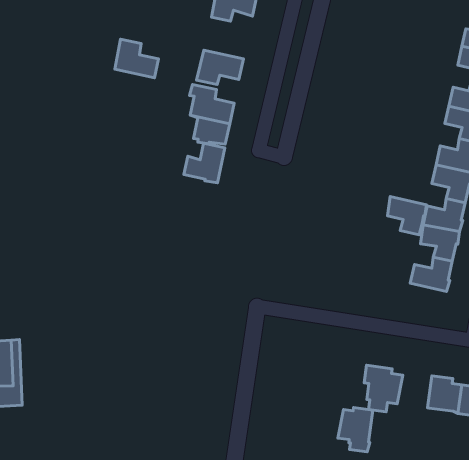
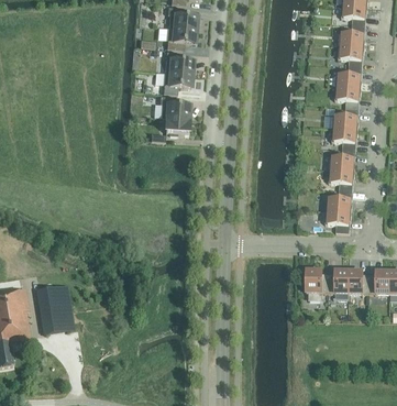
building: [115,39,159,78] -> [165,50,194,73]
building: [184,143,225,183] -> none
building: [388,197,427,235] -> [326,209,351,232]
building: [338,408,373,452] -> [328,270,350,298]

